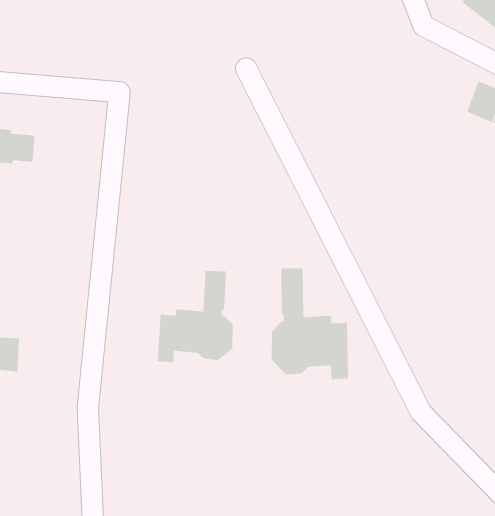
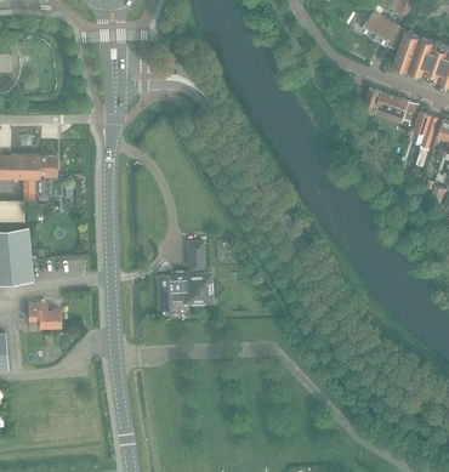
building: [271,267,349,380] -> none

